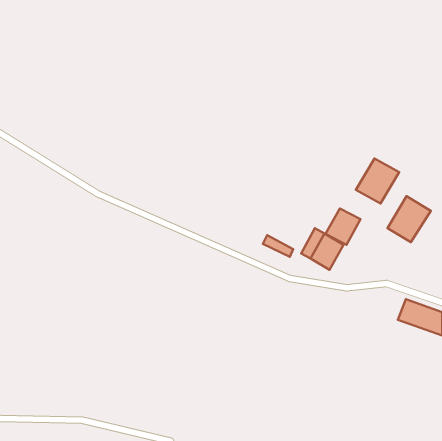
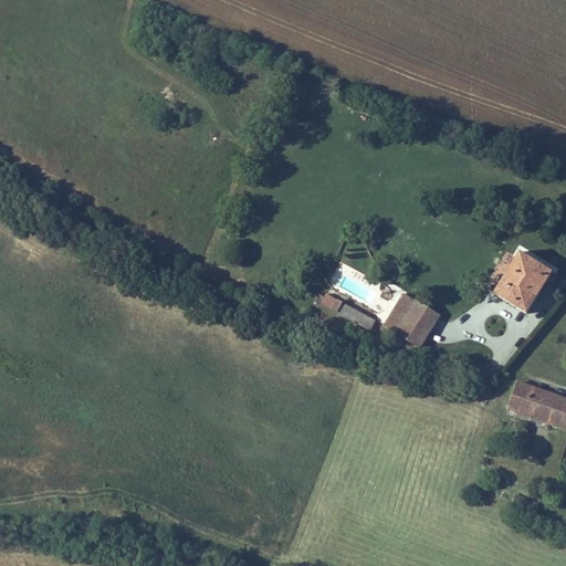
building: [356,158,399,204] -> none
building: [326,208,361,245] -> none

